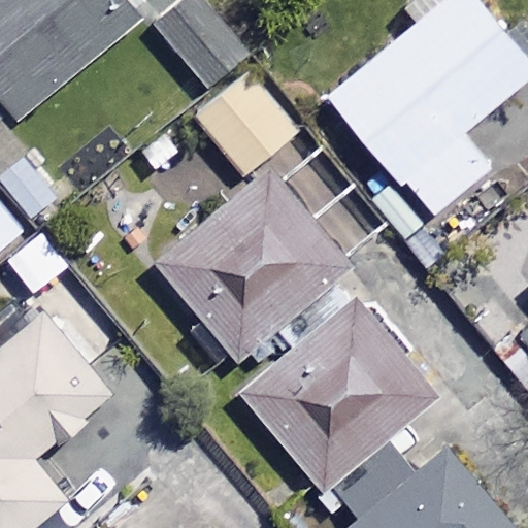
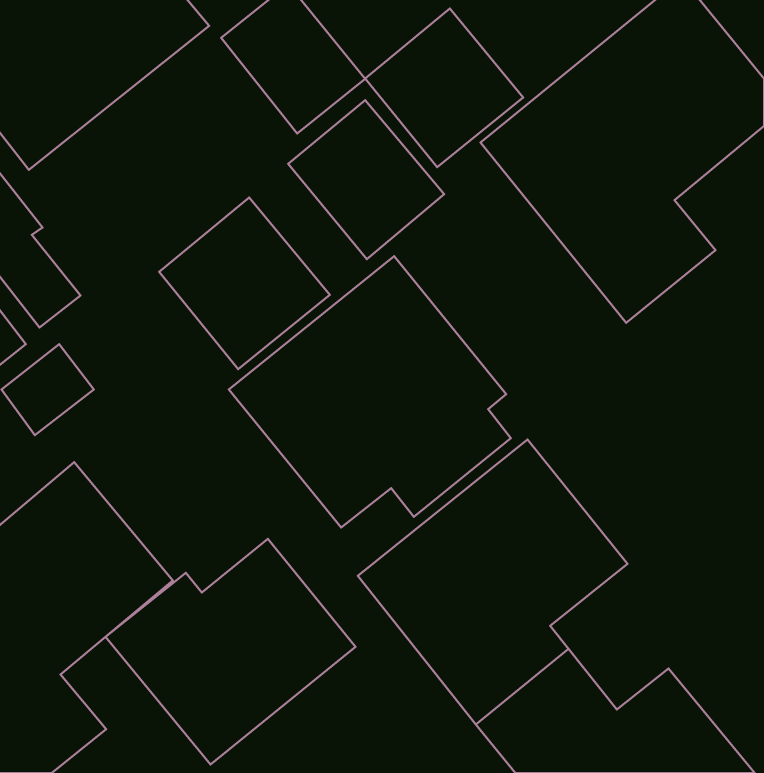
building: none -> [365,9,523,167]
building: none -> [159,197,330,369]
building: none -> [106,539,355,765]

